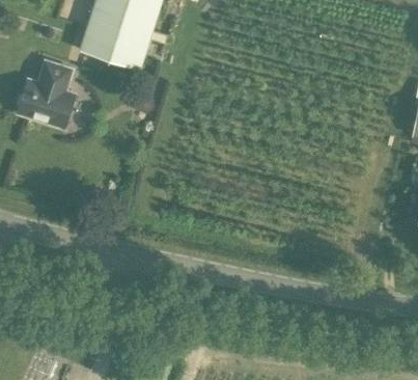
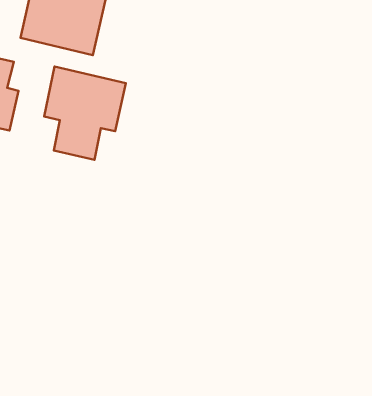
building: none -> [44,67,126,160]

